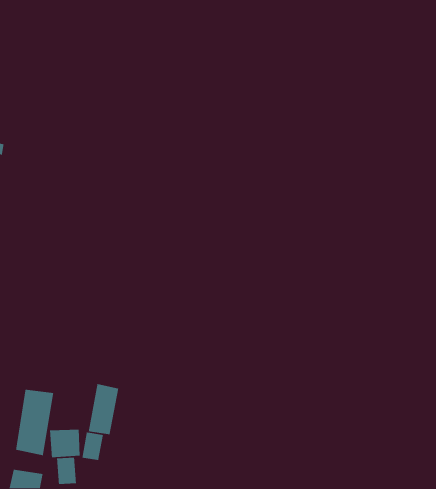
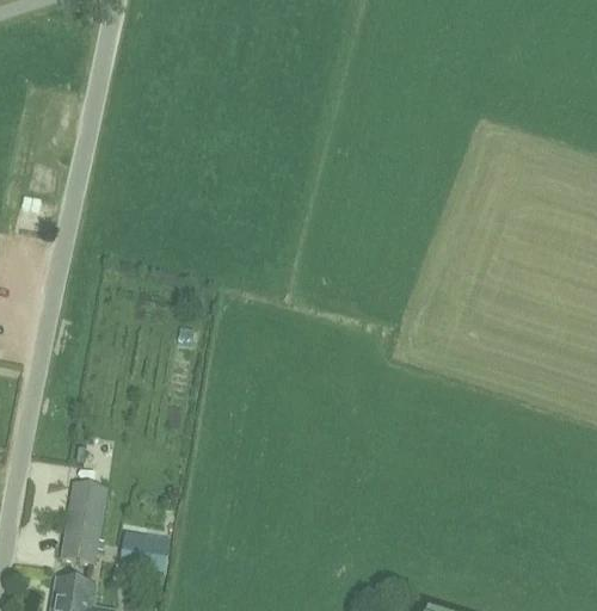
building: [88,383,119,435] -> none
building: [56,457,77,485] -> none

